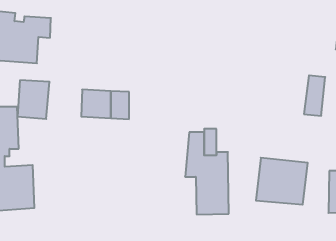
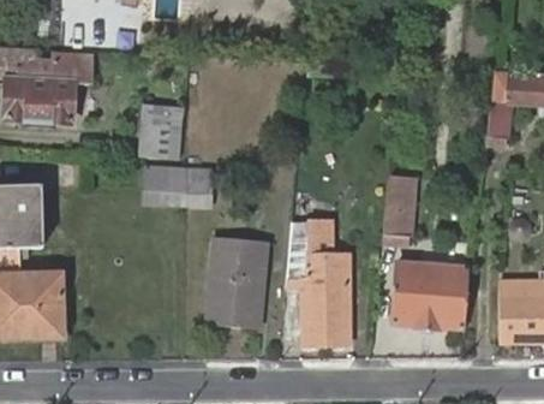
building: [304,75,325,116] -> [382,176,413,234]
building: [17,80,50,119] -> [139,103,186,160]
building: none -> [213,234,271,320]

